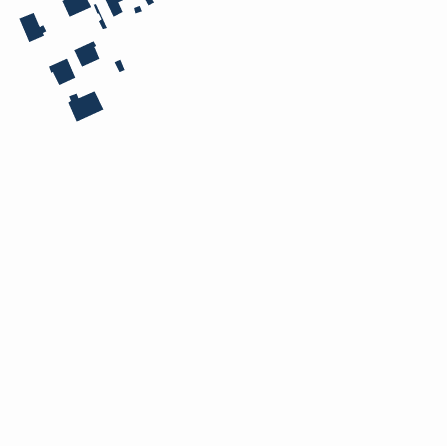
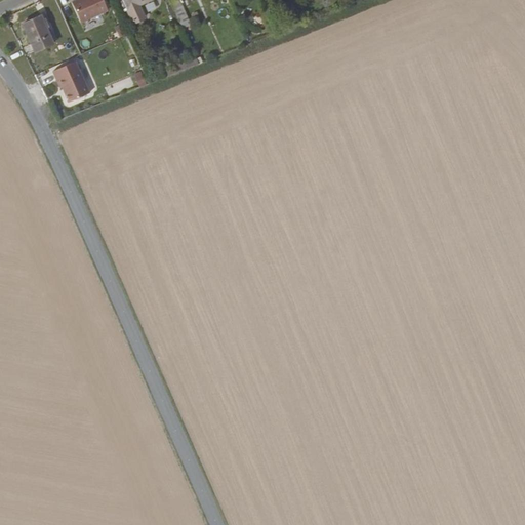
building: [73,41,100,68] -> none
building: [68,90,104,122] -> none

